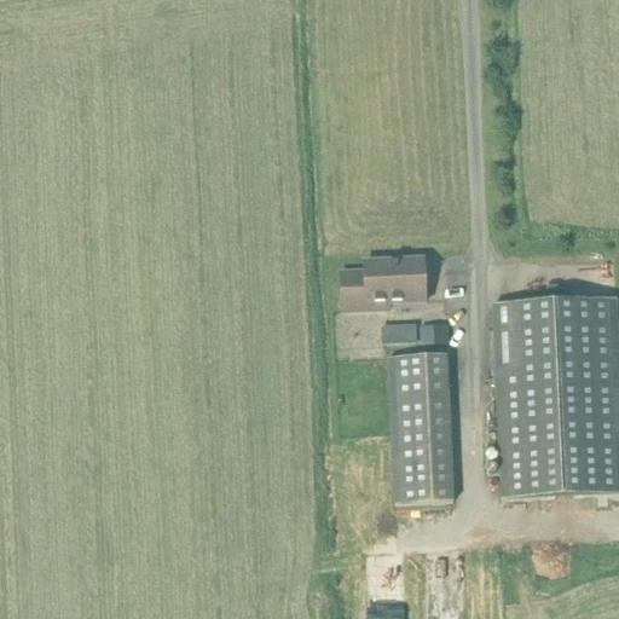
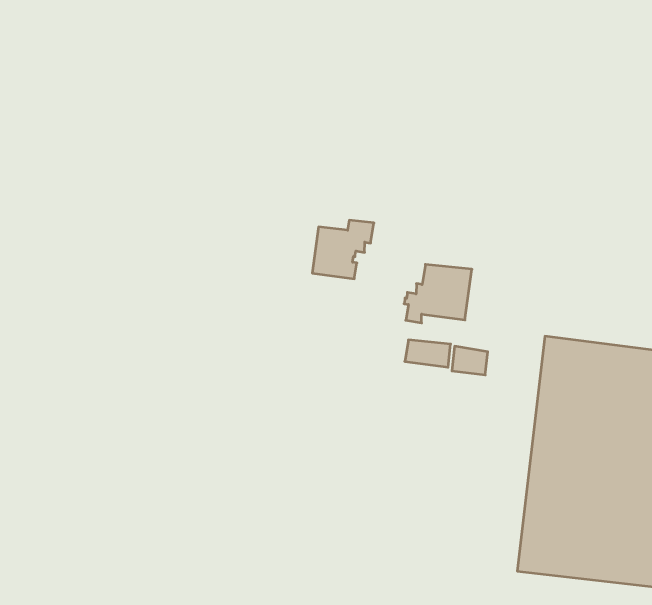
building: [341,259,386,308] -> [312,220,374,279]
building: [389,352,453,502] -> none

